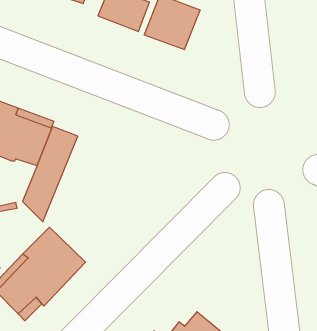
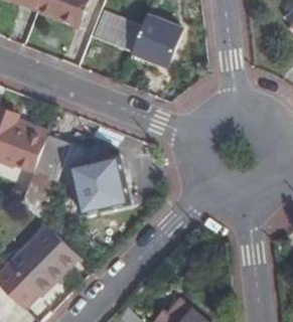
building: none -> [70,153,130,212]

